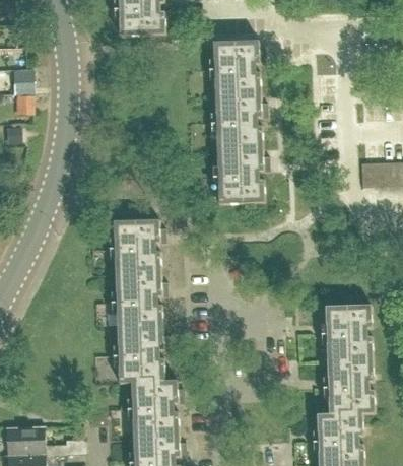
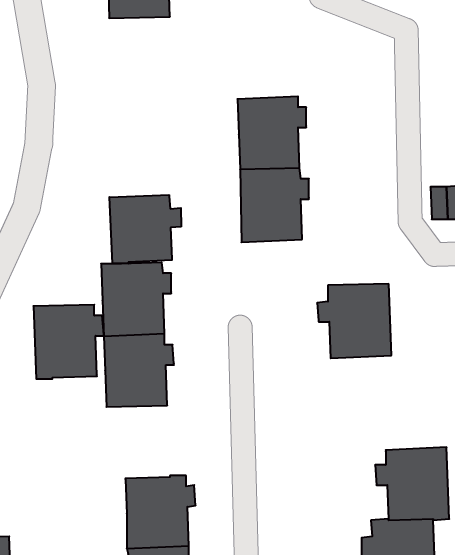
building: [212,42,265,97] -> none
building: none -> [109,195,181,264]
building: [316,306,372,361] -> [317,284,391,358]
building: [116,328,169,384] -> [33,305,104,379]

